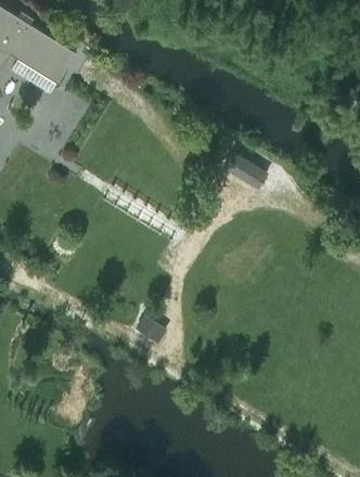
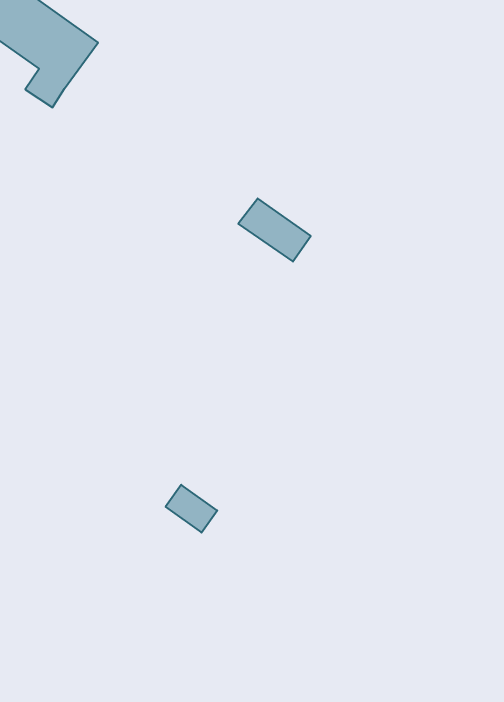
building: [223,153,268,190] -> [238,198,311,262]

